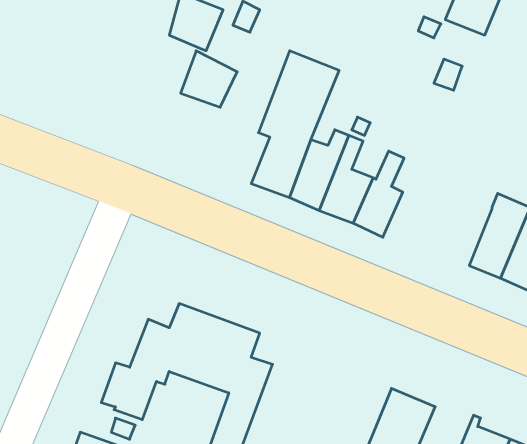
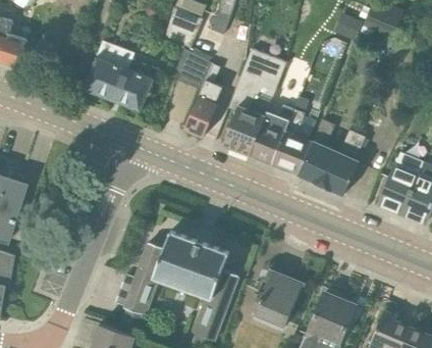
building: none -> [85,40,157,110]
building: none -> [184,63,221,136]
building: none -> [318,125,367,194]
building: none -> [255,270,303,326]

